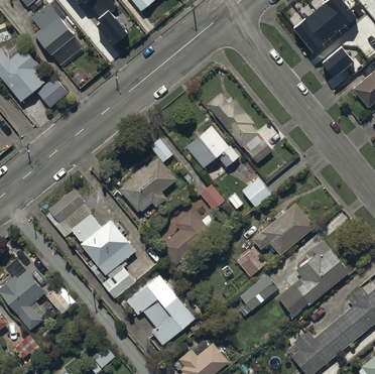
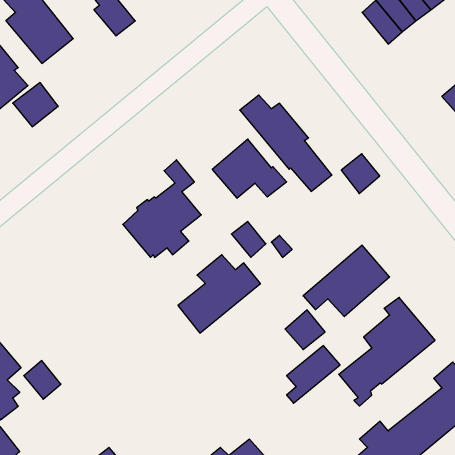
building: [323,50,353,80] -> none
building: [242,178,270,208] -> [341,154,380,194]
building: [47,189,136,300] -> none
building: [126,275,195,346] -> none

